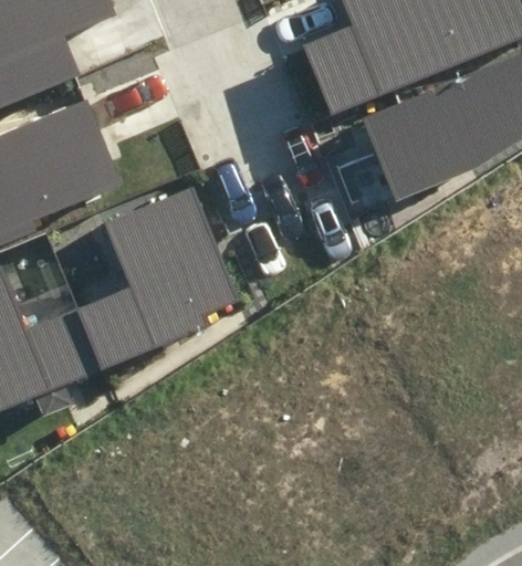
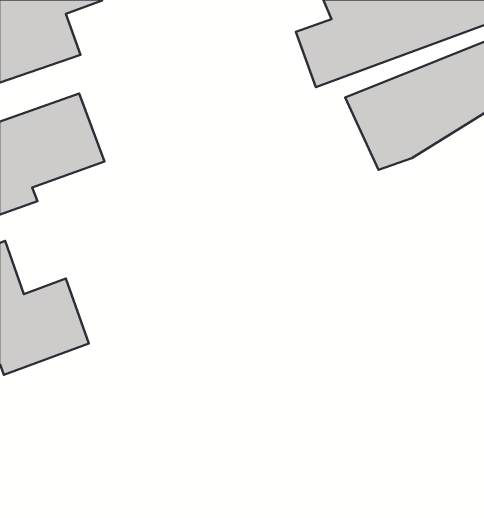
building: [83,193,233,365] -> none

